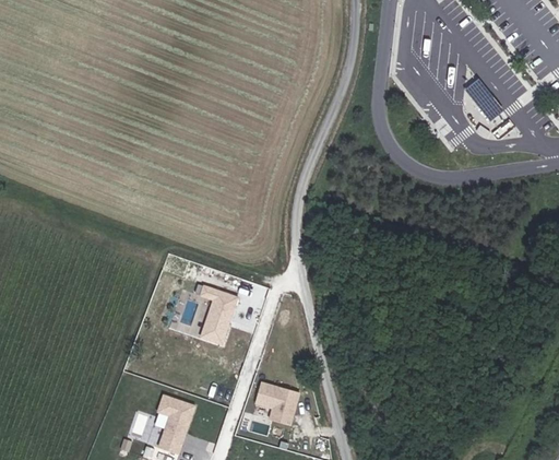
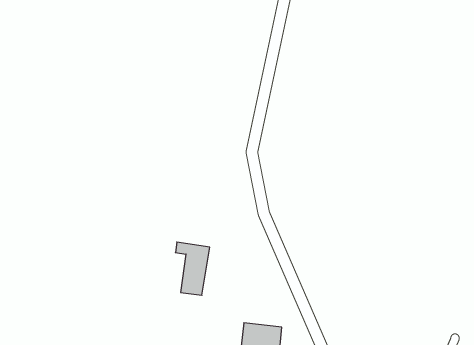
building: [464,79,502,120] -> none

